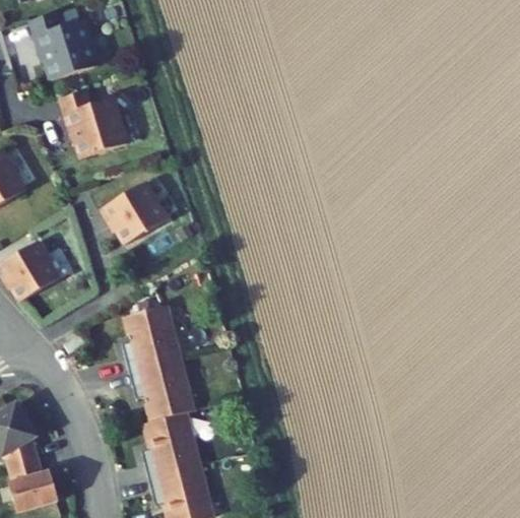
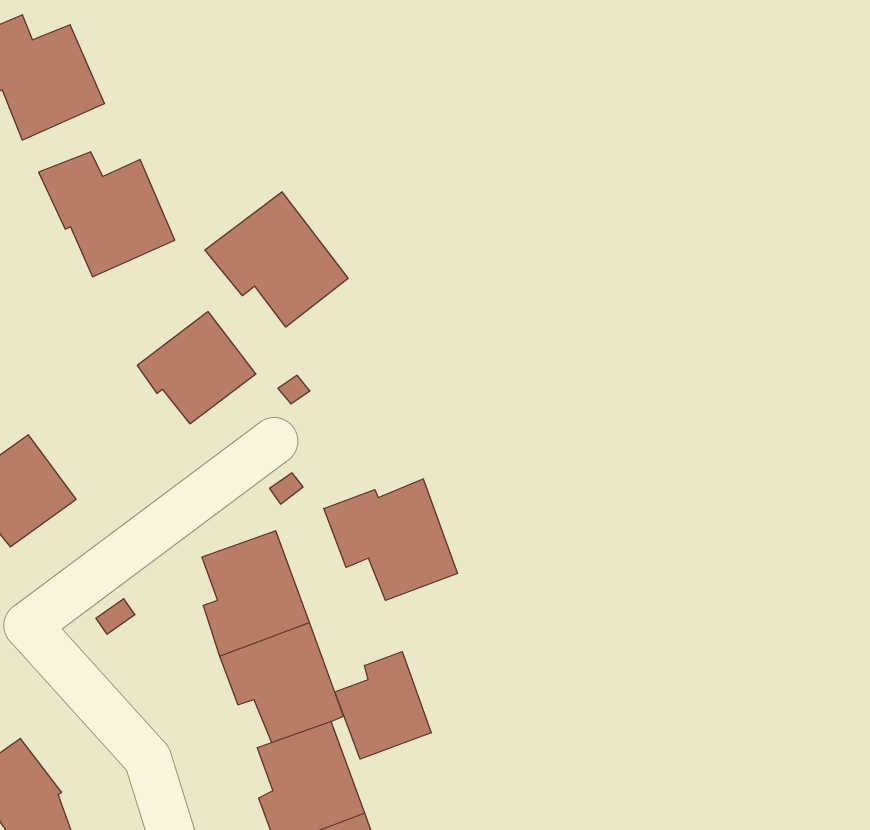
building: none -> [205,192,348,327]
building: none -> [324,479,458,600]
building: none -> [335,652,431,759]

